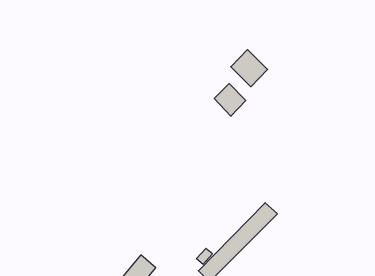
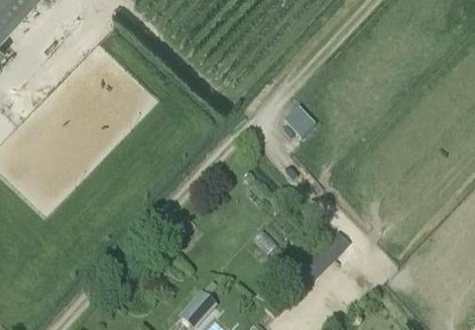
building: [231,50,268,87] -> none

